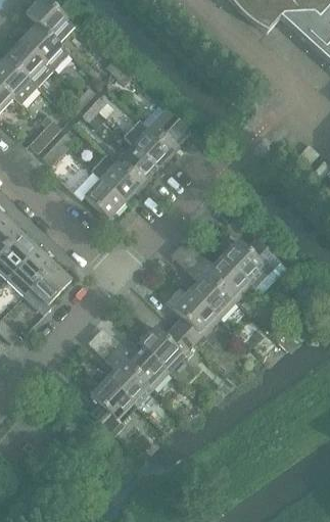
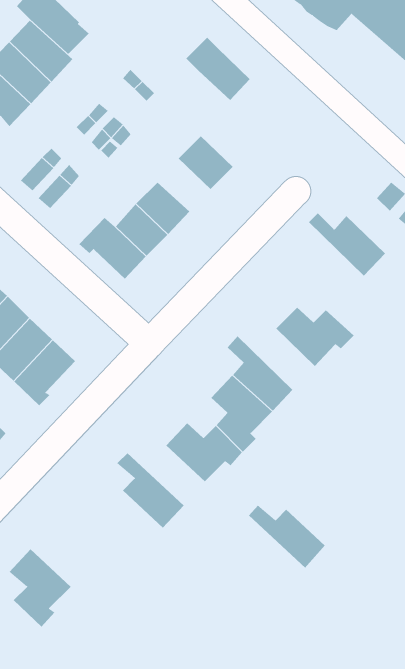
building: [123,117,172,165] -> [185,37,251,101]
building: [192,251,250,299] -> [308,213,386,277]
building: [109,338,168,386] -> [248,505,326,569]
building: [89,375,136,434] -> [9,549,71,627]

